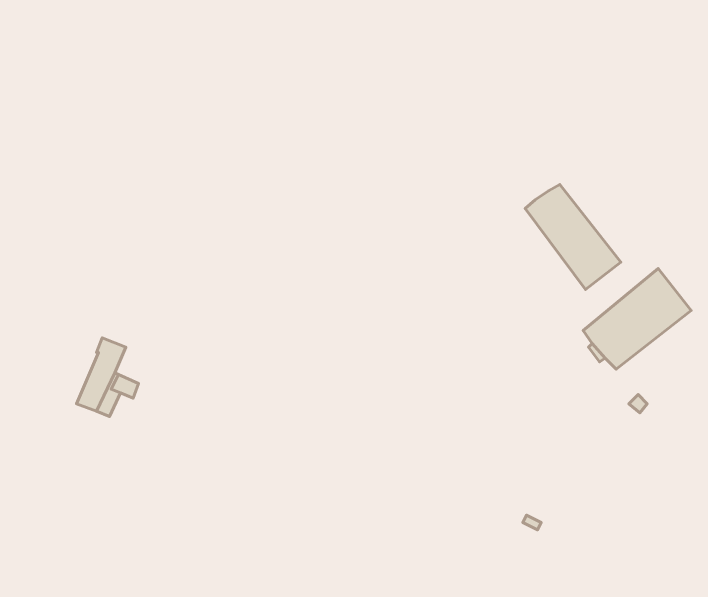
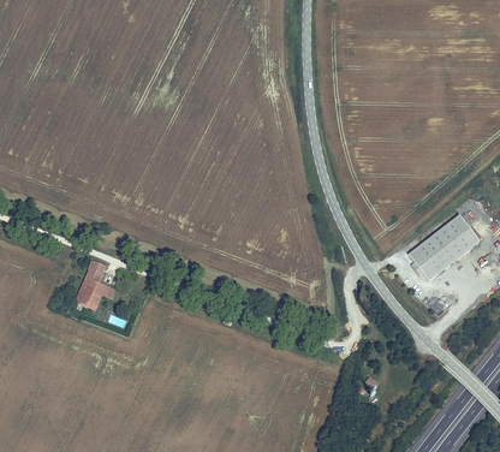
building: [525,185,621,290] -> none

